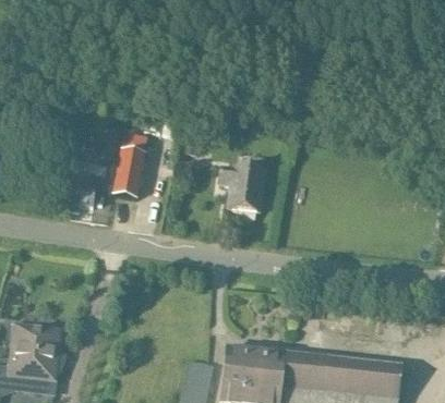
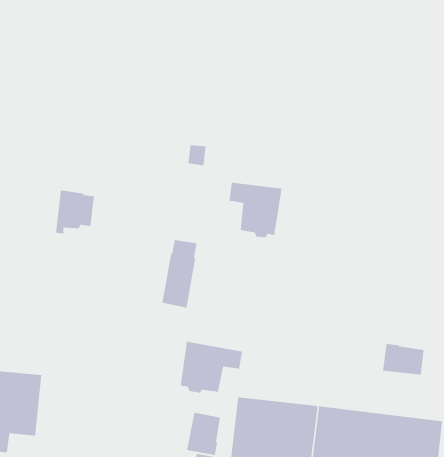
building: [113,138,144,197] -> [161,239,197,308]
building: none -> [180,341,243,393]
building: none -> [382,343,425,375]

